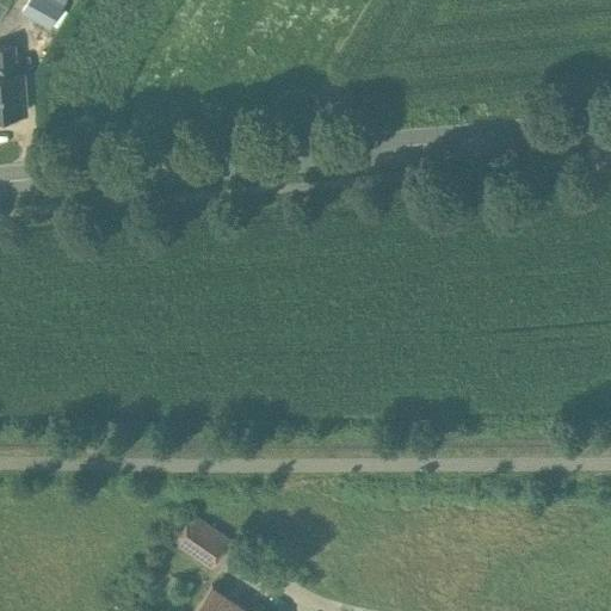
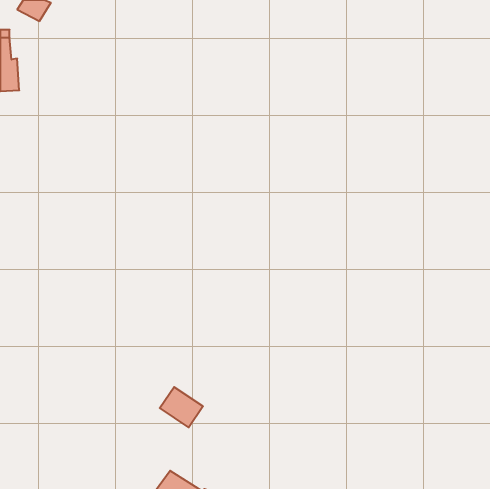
building: [175,516,229,566] -> [160,387,203,427]

